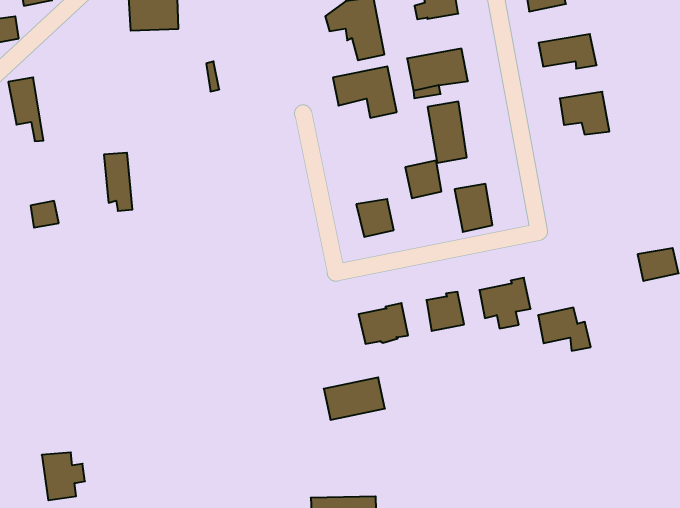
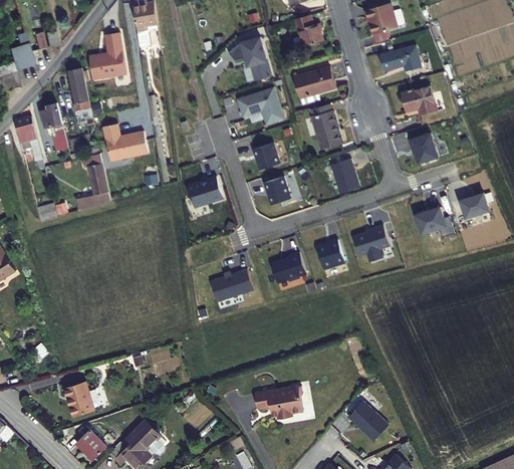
building: none -> [67,81,88,112]
building: none -> [35,105,61,139]
building: none -> [101,126,146,163]
building: none -> [409,132,438,162]
building: [405,161,441,198] -> [253,143,280,171]
building: none -> [189,175,225,206]
building: [538,308,591,351] -> [420,203,459,233]
building: [324,377,385,420] -> [209,268,253,301]

